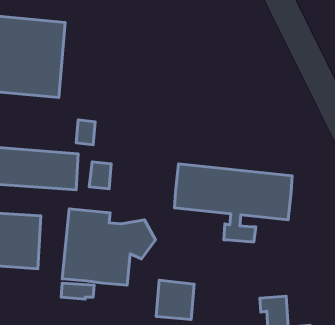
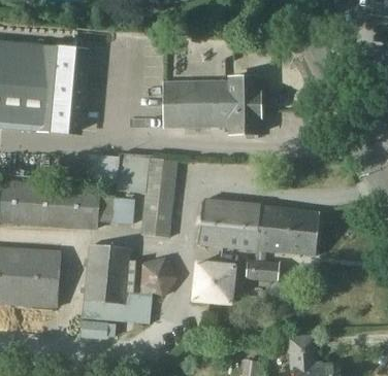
building: none -> [164,76,261,138]
building: none -> [116,152,177,237]
building: [156,280,194,319] -> [195,262,234,302]

